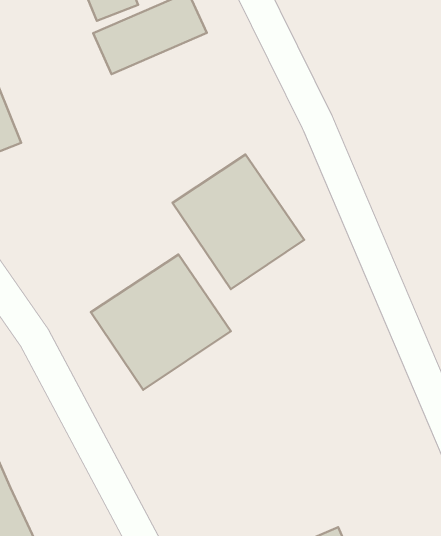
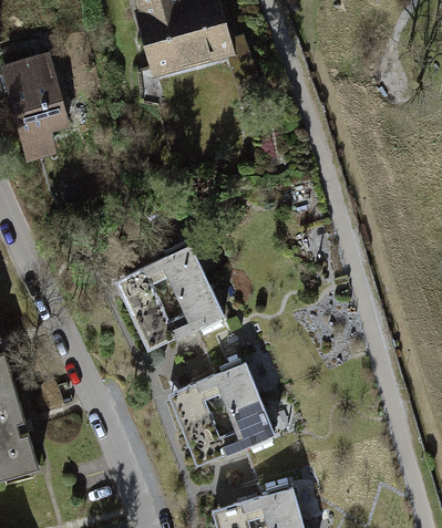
building: [173,154,304,289] -> none
building: none -> [160,355,274,465]

